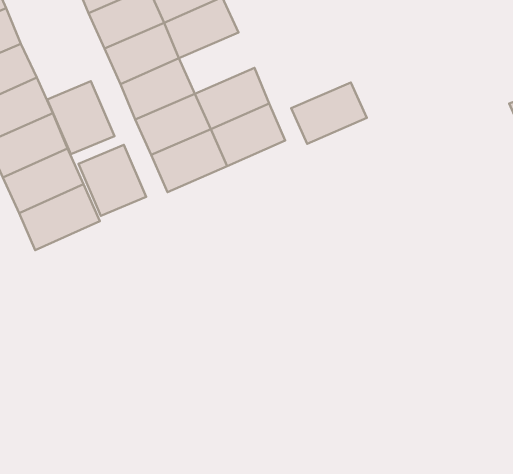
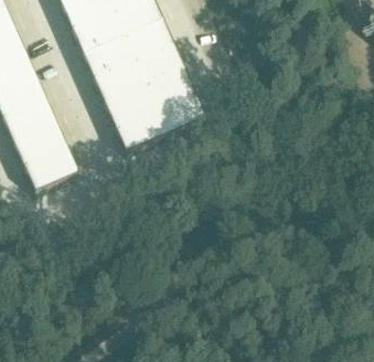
building: [47,81,115,154] -> none
building: [291,82,367,144] -> [131,38,183,79]
building: [78,145,146,216] -> none

